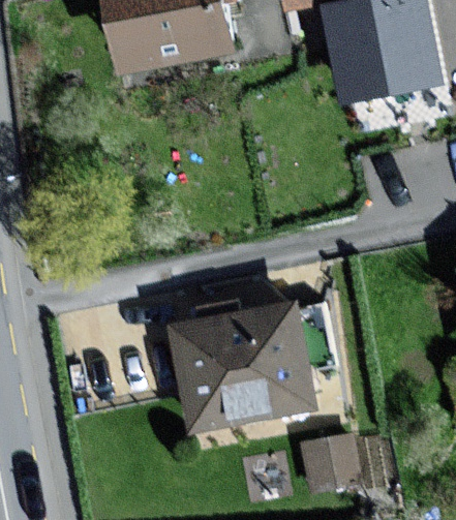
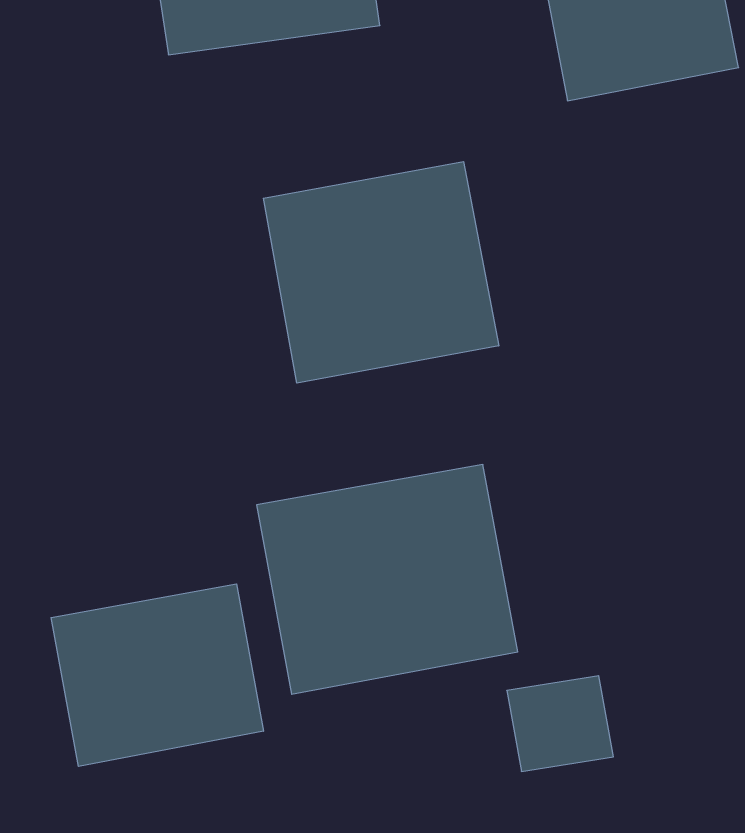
building: none -> [263,162,499,383]
building: none -> [51,584,263,766]

